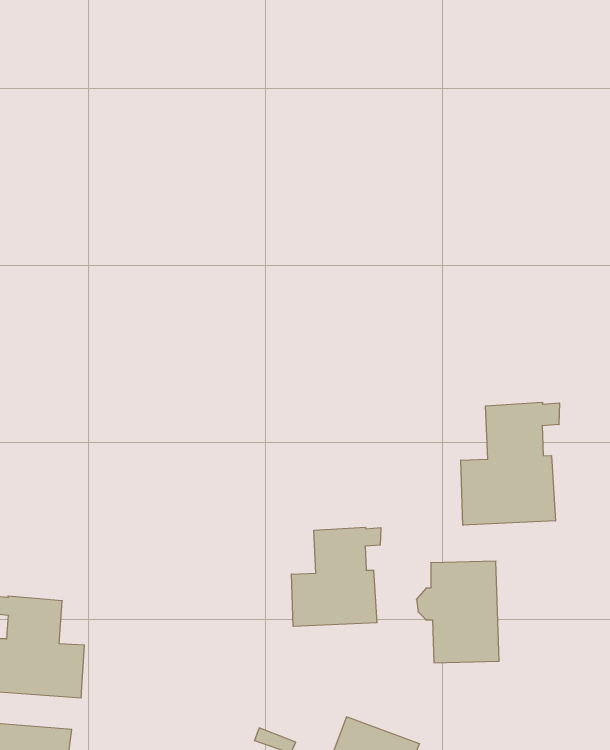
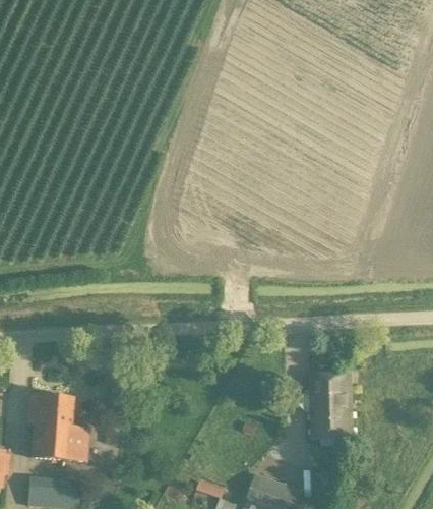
building: [461,402,559,525] -> none
building: [292,527,381,626] -> none

